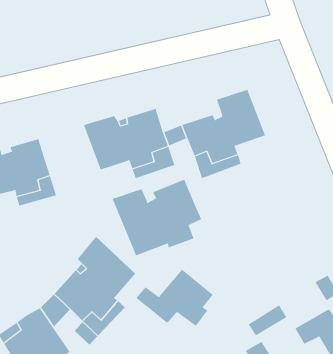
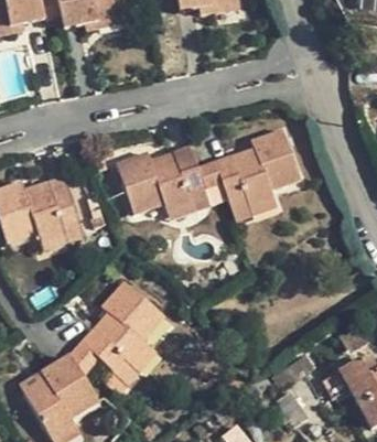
building: [112,179,202,256] -> none
building: [136,269,213,327] -> none

